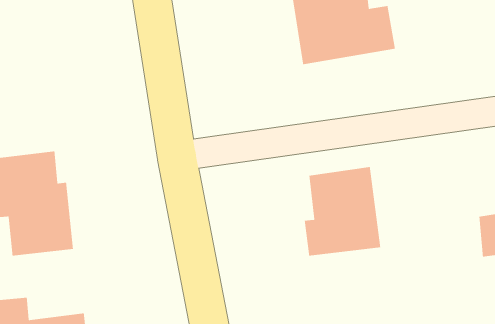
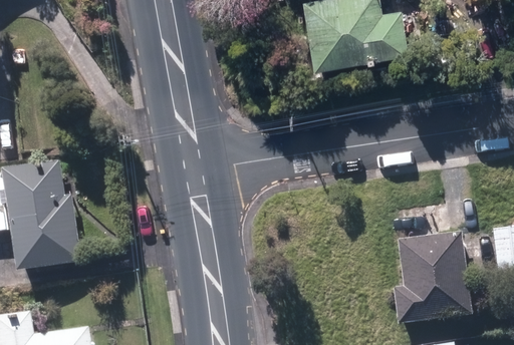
building: [304,166,381,257] -> [393,231,472,323]

